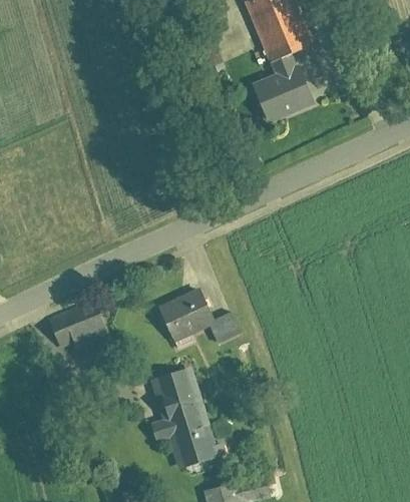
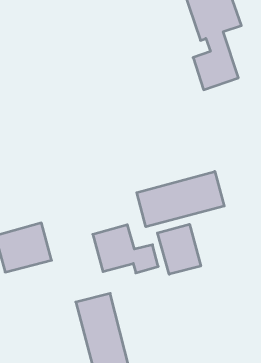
building: none -> [137,171,224,227]
building: none -> [157,224,201,274]

